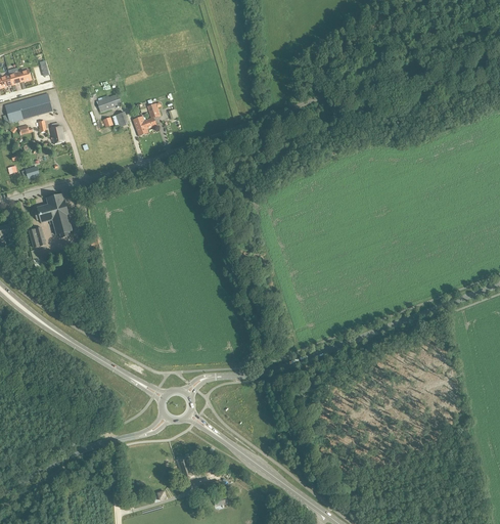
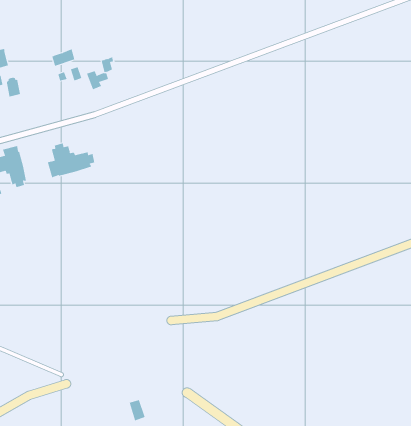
building: none -> [47,143,95,178]

